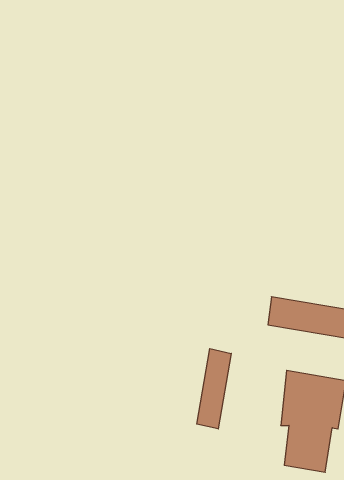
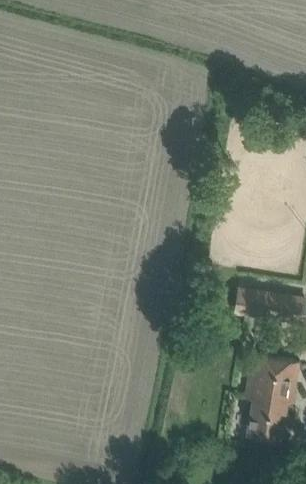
building: [197,349,231,429] -> none

